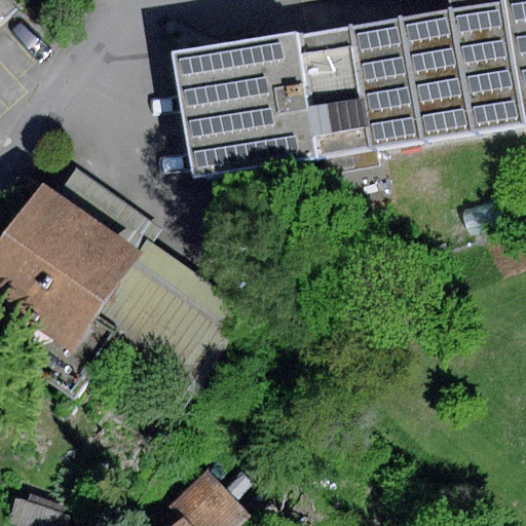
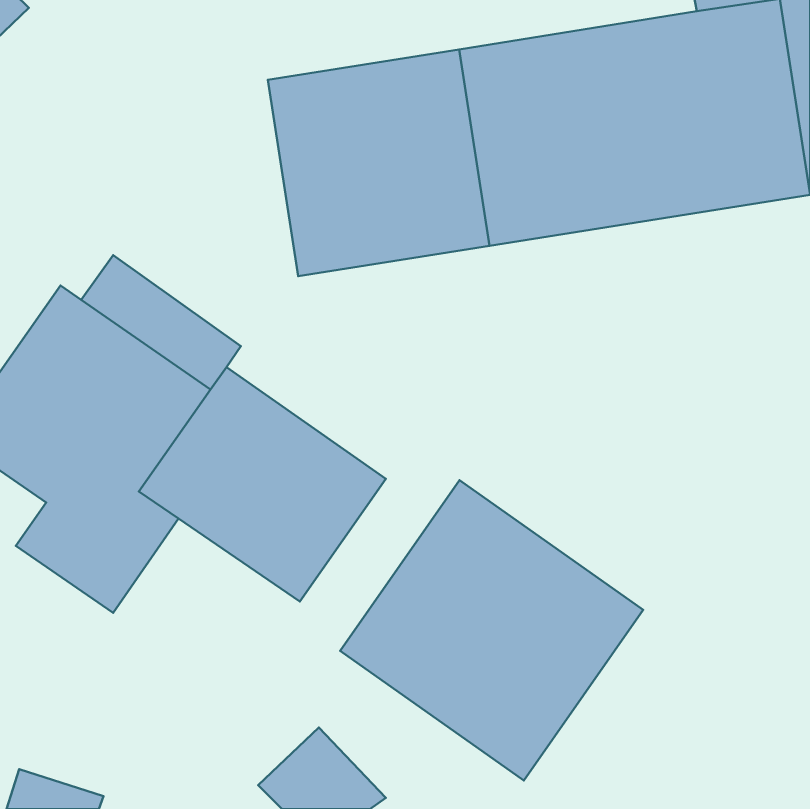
building: none -> [340,480,643,780]

